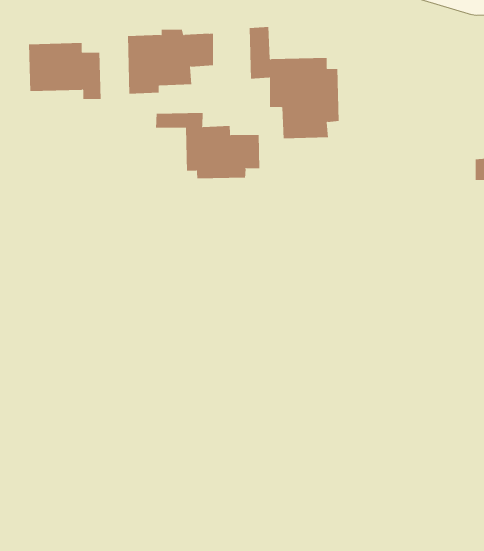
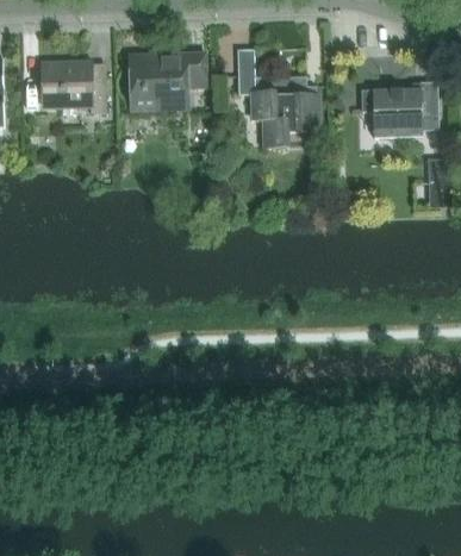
building: none -> [361,81,438,138]
building: [156,112,260,179] -> none

